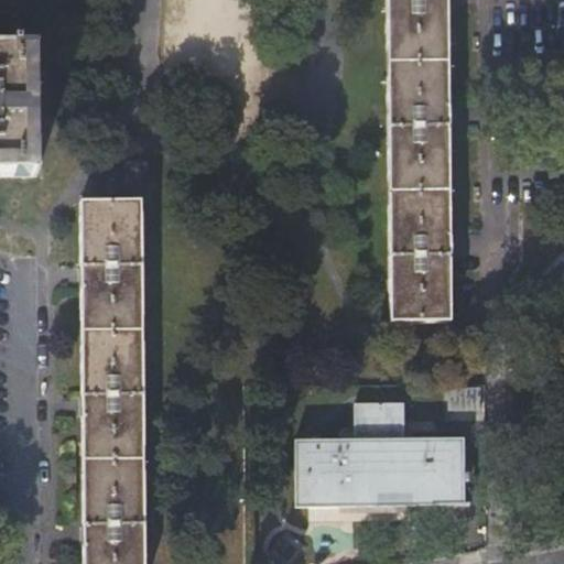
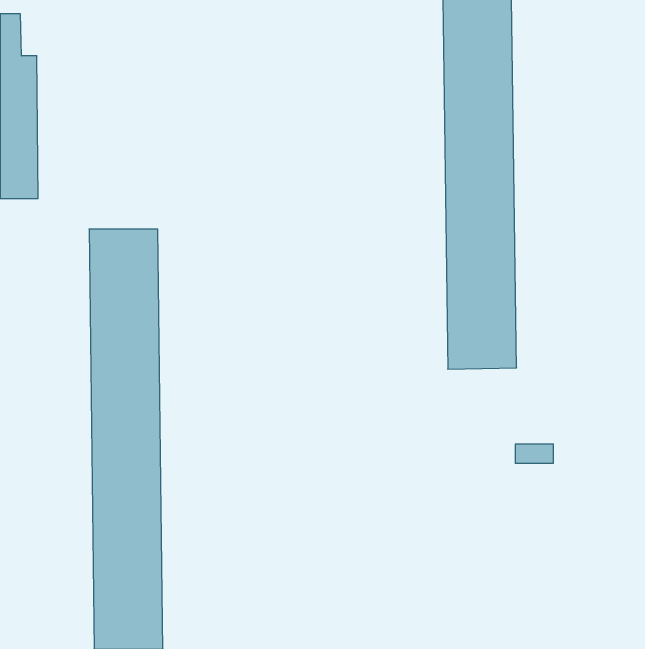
building: [296,402,470,506] -> none

